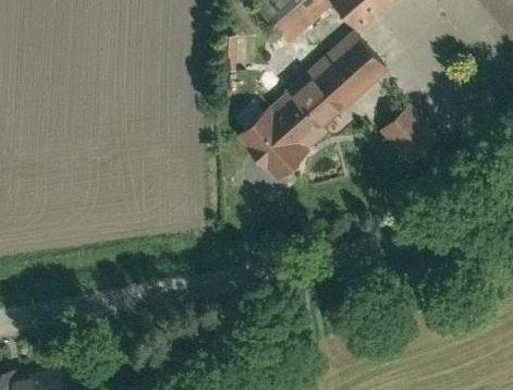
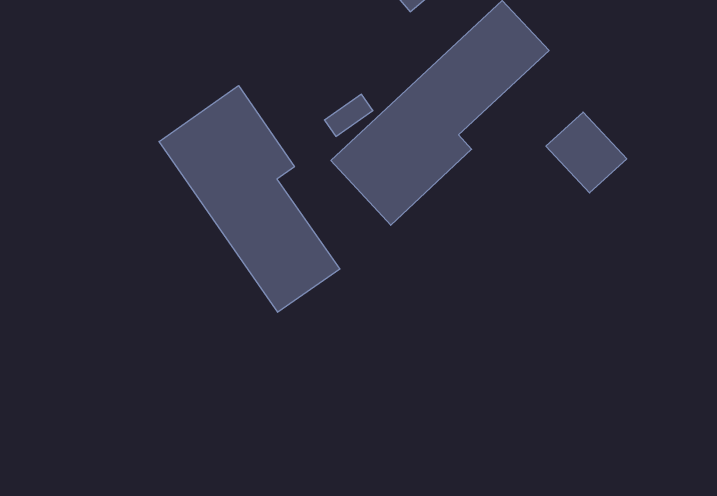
building: none -> [159,86,340,312]

